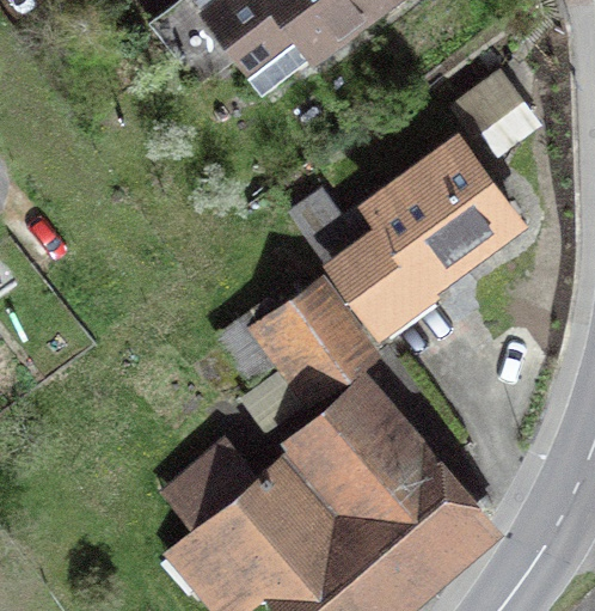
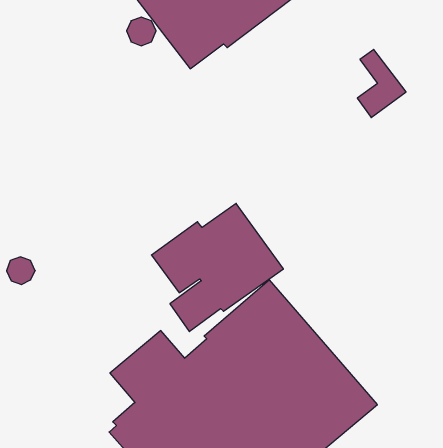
building: [300,129,527,341] -> none

